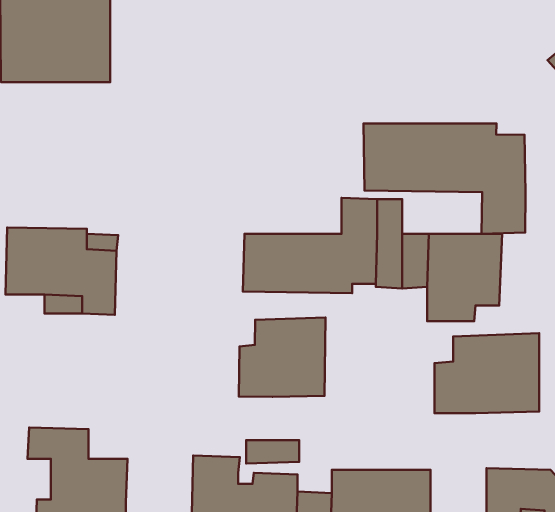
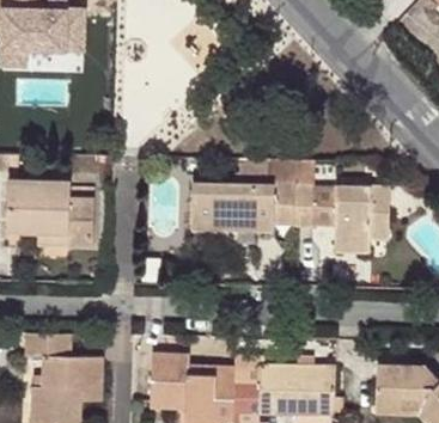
building: [364,124,526,234] -> none
building: [239,318,326,397] -> none
building: [434,333,539,413] -> none

